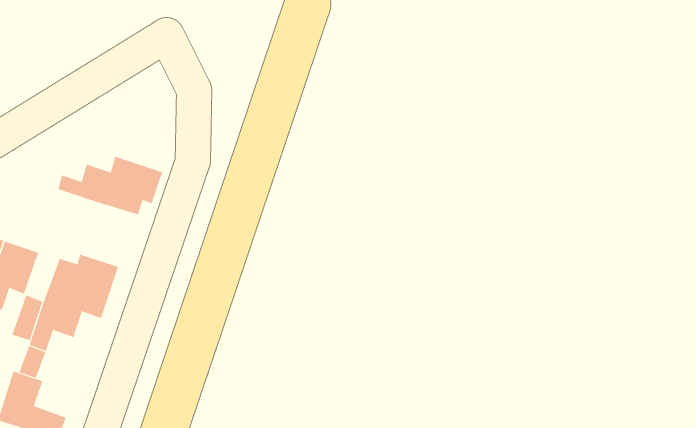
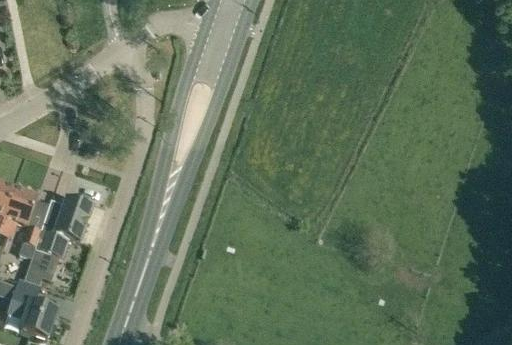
building: [58,156,163,215] -> none

